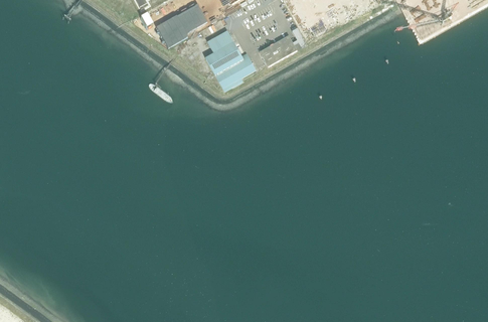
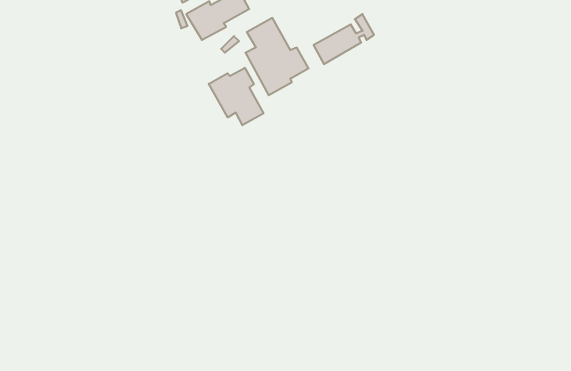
building: none -> [209,68,263,125]

